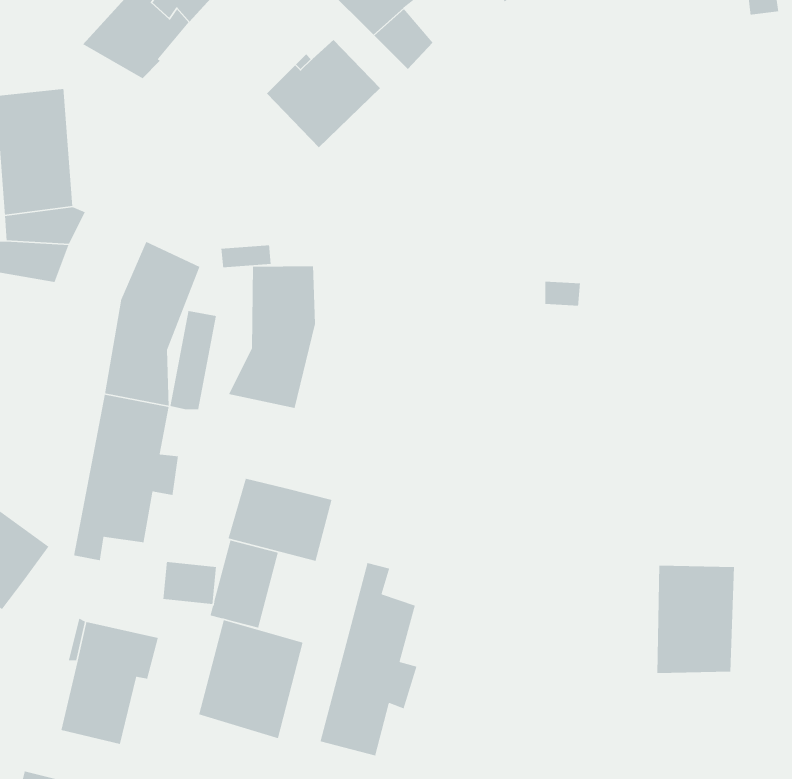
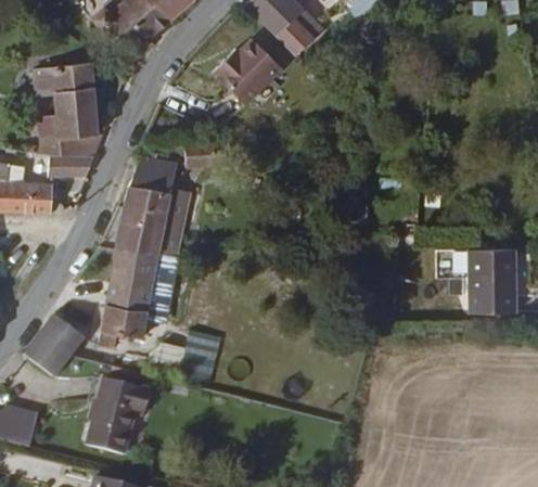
building: [228,266,316,409] -> none
building: [228,478,333,562] -> none
building: [320,562,418,756] -> none
building: [657,565,735,674] -> [469,249,515,315]
building: [198,619,304,739] -> none

